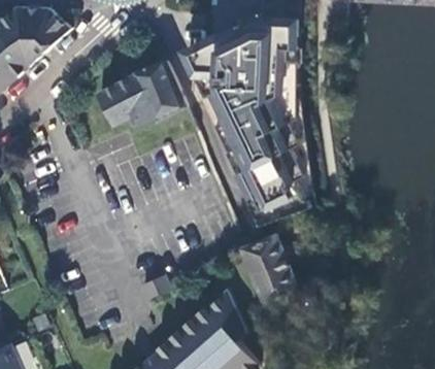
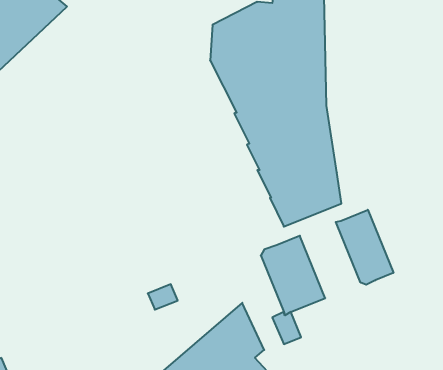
building: [95,57,189,129] -> none
building: none -> [336,210,393,285]

